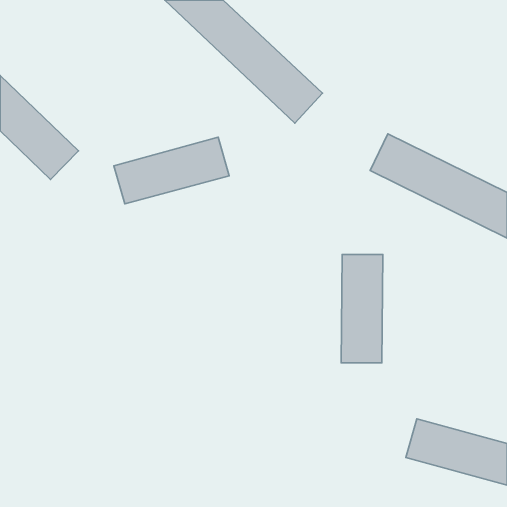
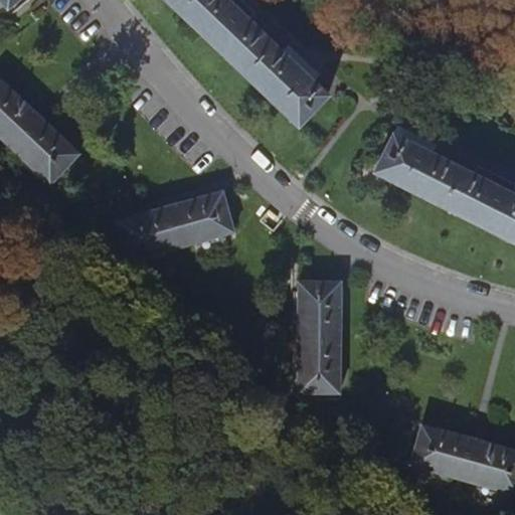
building: [114,137,229,204] -> [117,192,233,260]
building: [341,255,383,363] -> [298,282,340,391]

